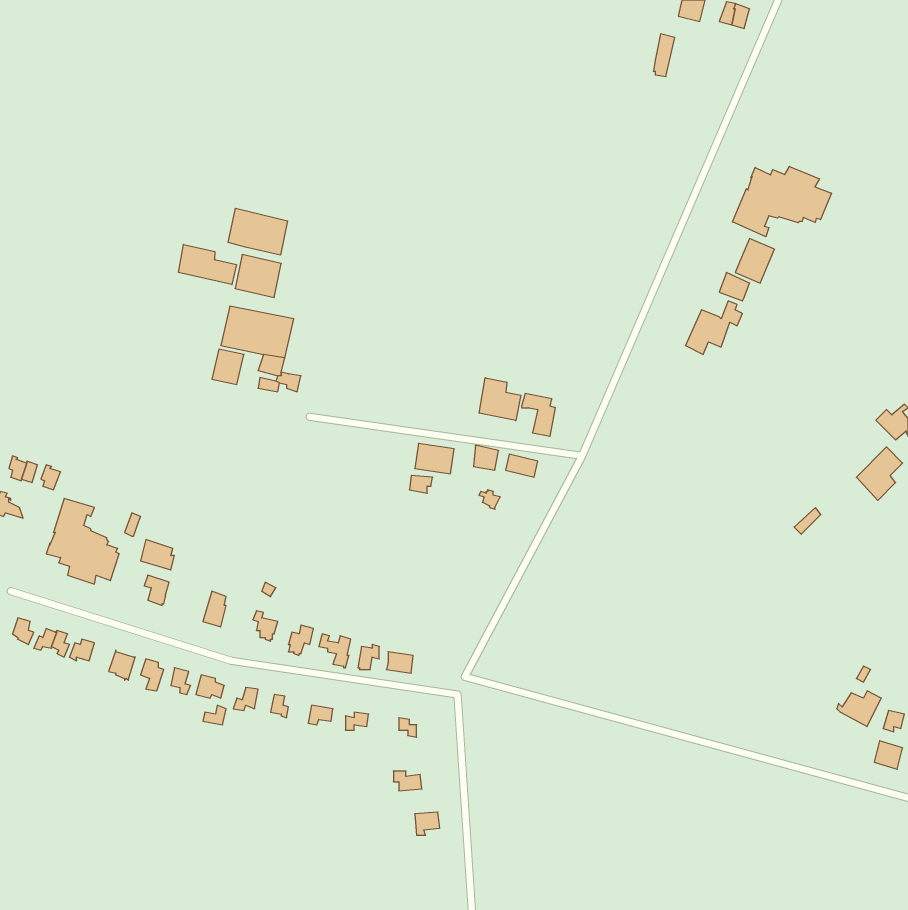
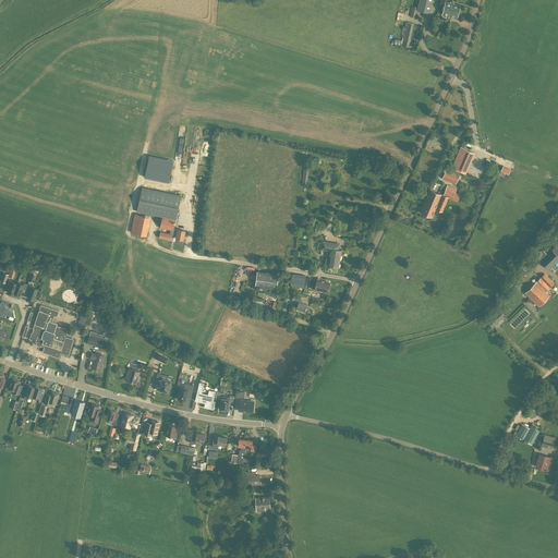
building: [732,166,831,237] -> none
building: [228,208,288,255] -> none
building: [179,244,236,285] -> none
building: [479,378,521,421] -> none

